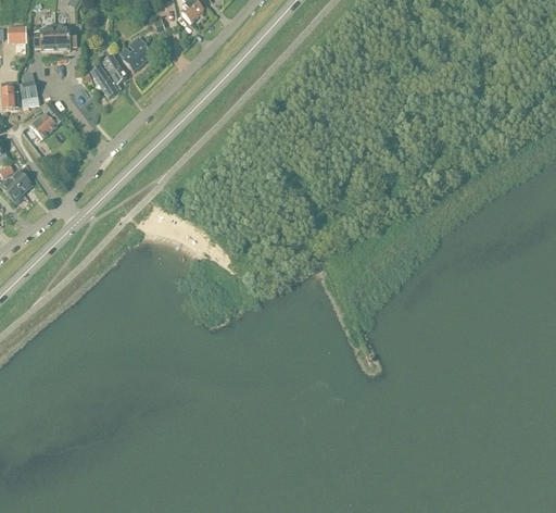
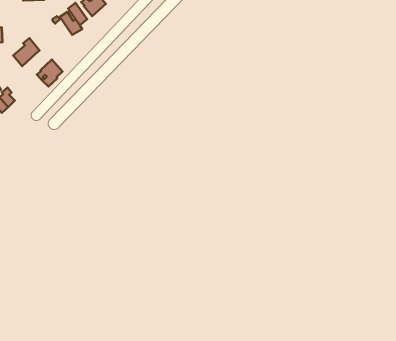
building: [22,72,39,107] -> none
building: none -> [37,60,62,86]

